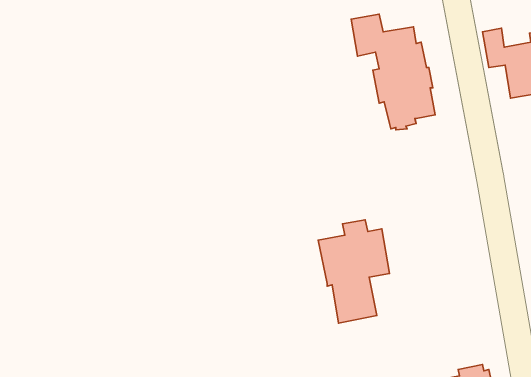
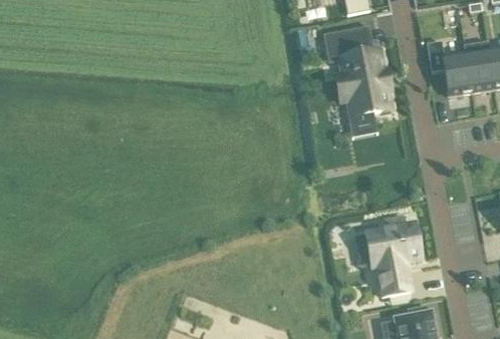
building: [318,220,389,323] -> [364,217,421,298]

